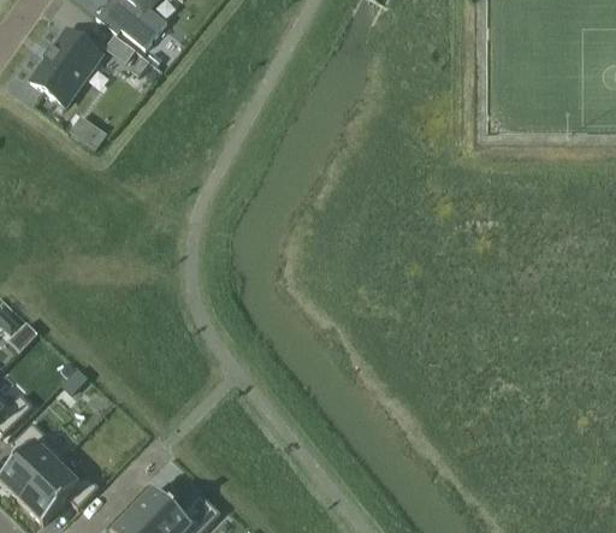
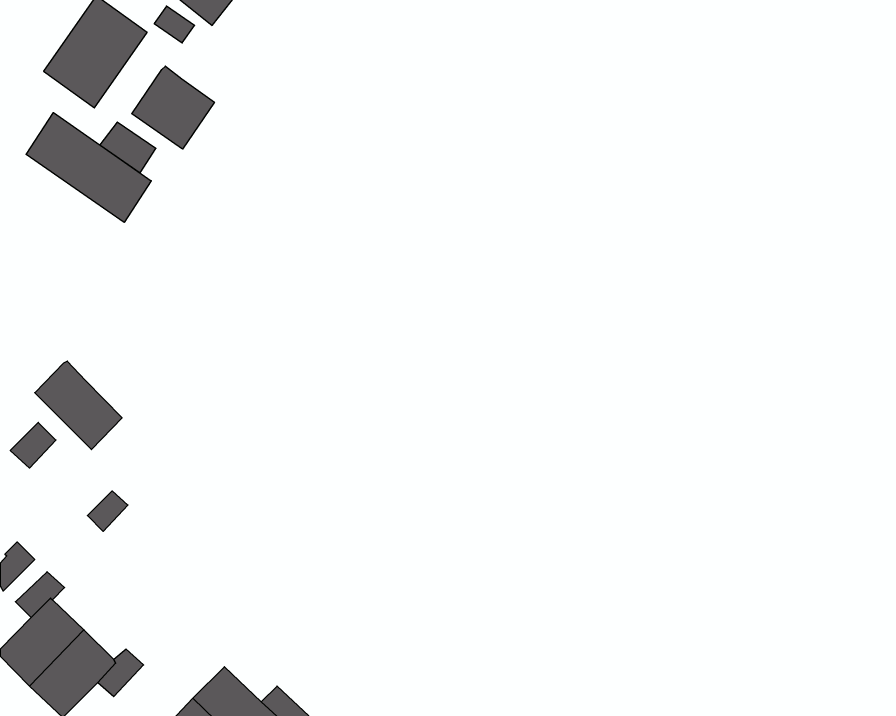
building: none -> [132,66,214,149]
building: none -> [26,113,151,222]
building: none -> [35,361,122,450]

